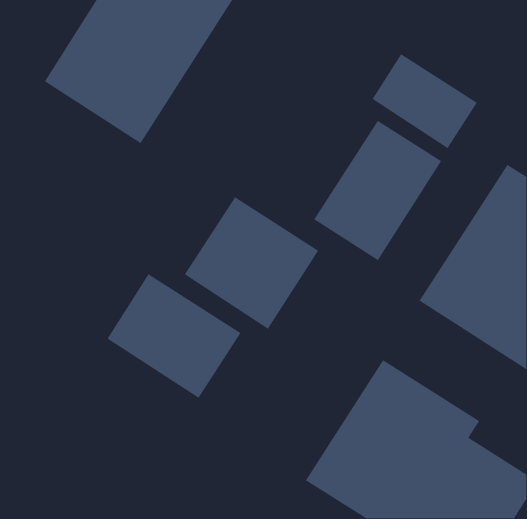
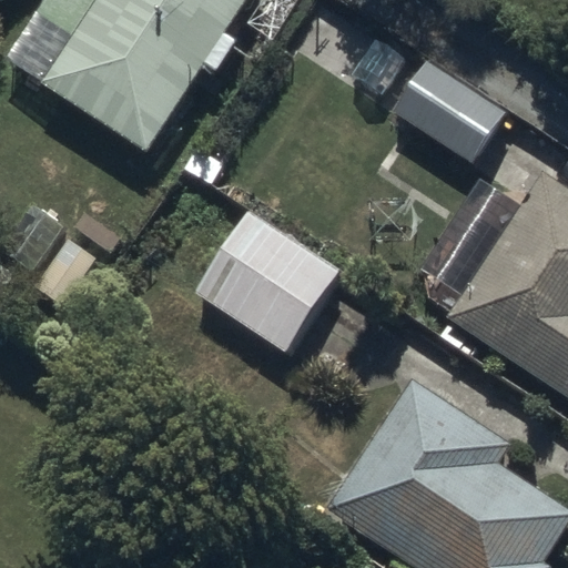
building: [313,120,442,261] -> none
building: [106,273,242,399] -> none

